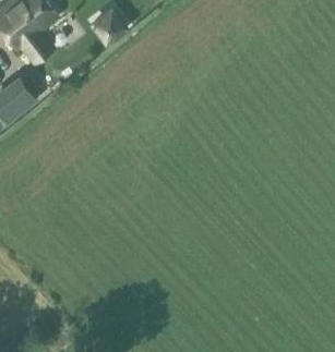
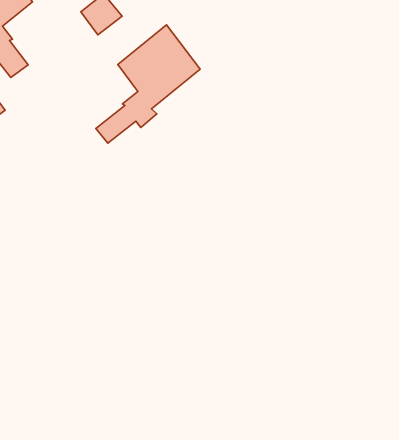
building: none -> [96,25,200,143]

